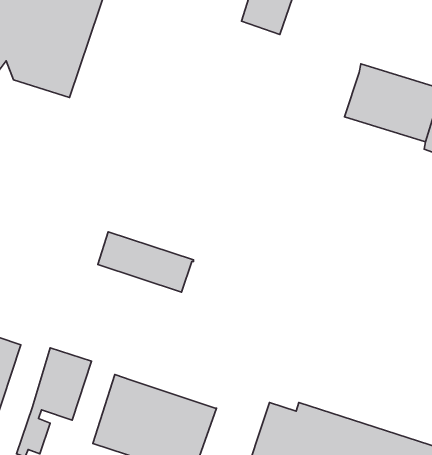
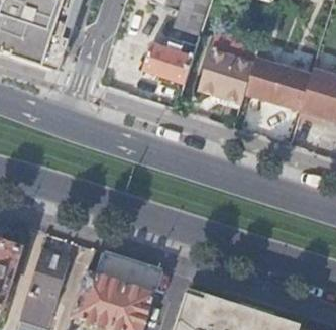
building: none -> [141,41,196,83]
building: none -> [197,47,253,102]
building: [98,232,193,292] -> [97,250,162,292]

